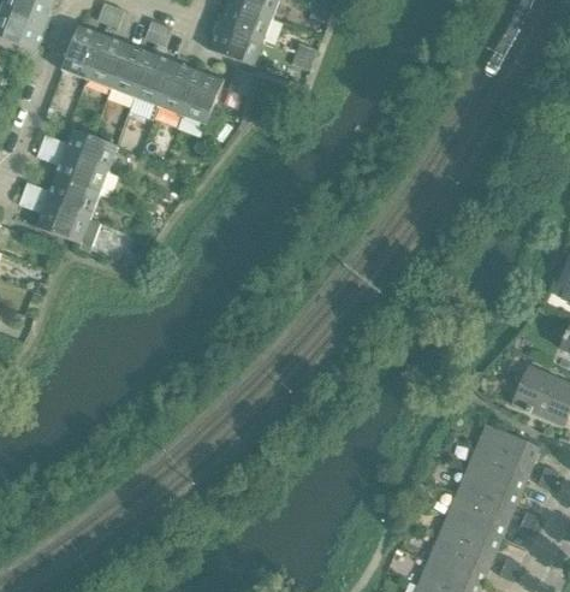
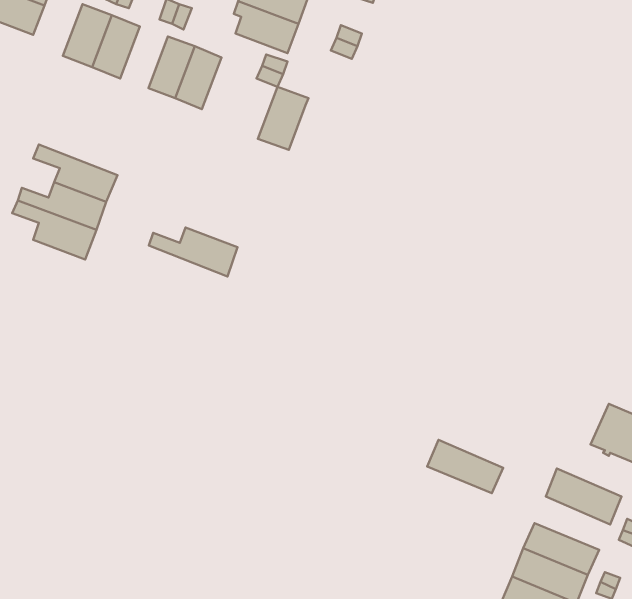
building: [111,43,152,96] -> none
building: [180,70,224,124] -> [258,87,308,150]
building: [41,129,117,171] -> [149,227,237,276]
building: [465,446,530,492] -> [427,440,503,493]

